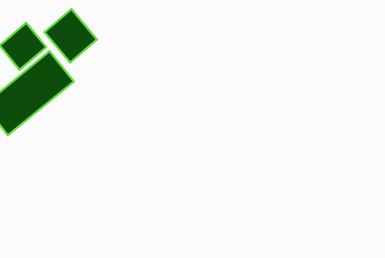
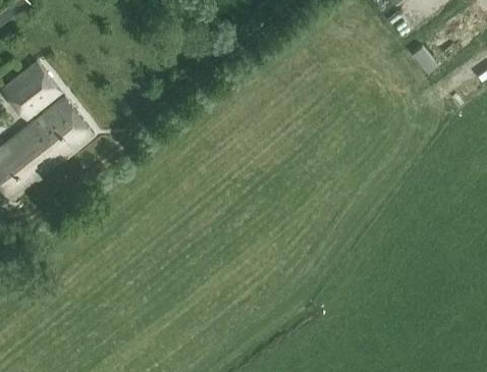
building: [45,9,97,63] -> none

